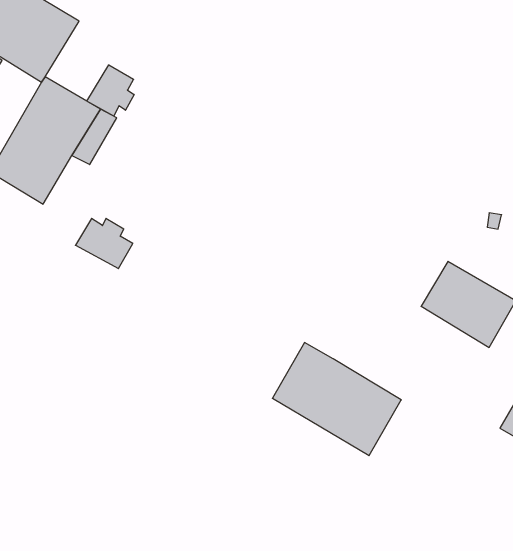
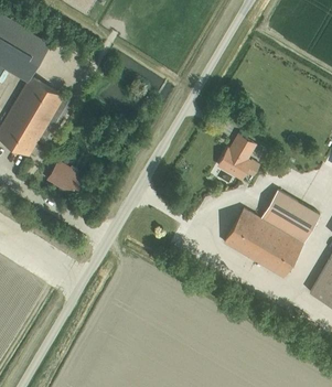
building: [87,65,134,116] -> none
building: none -> [217,135,258,180]
building: [272,343,401,456] -> [223,208,302,278]

